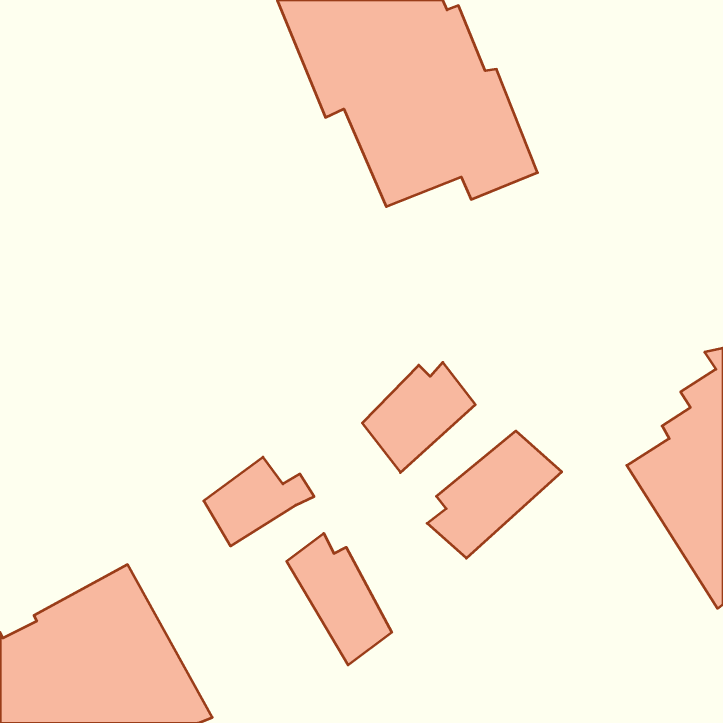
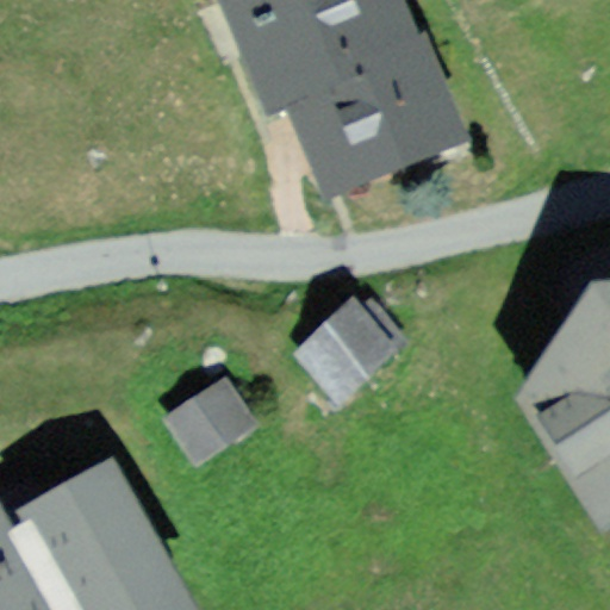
building: [427,431,562,558] -> none
building: [287,533,392,665] -> none

